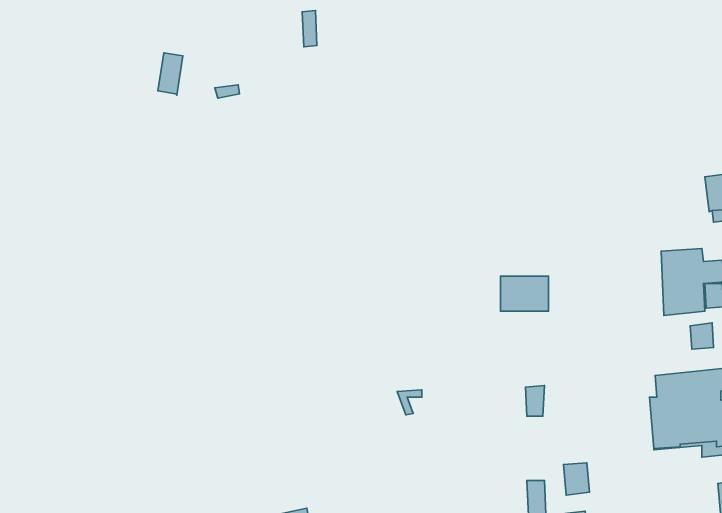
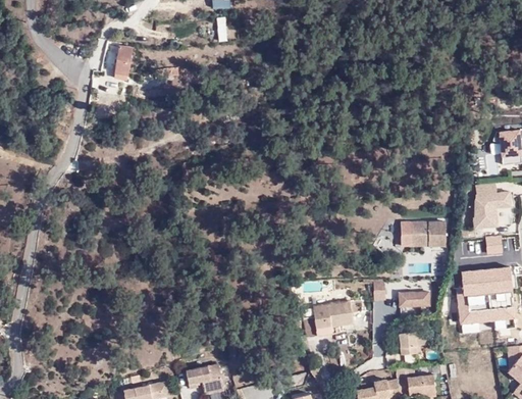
building: [500,276,549,311] -> [412,221,446,246]
building: none -> [399,292,430,307]
building: none -> [304,301,354,335]

